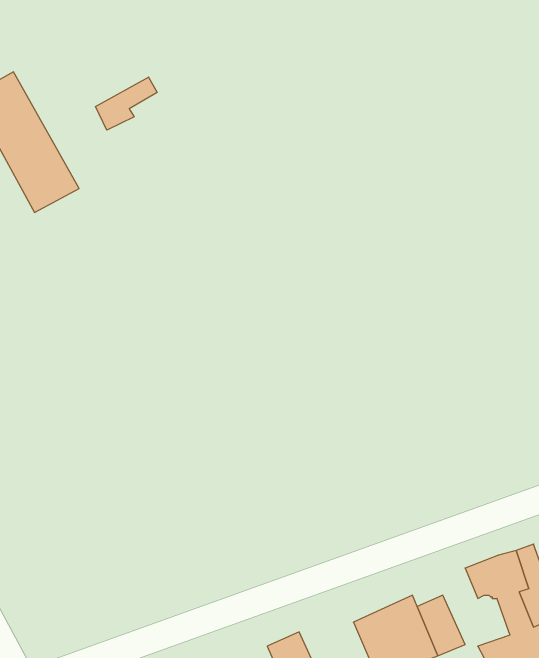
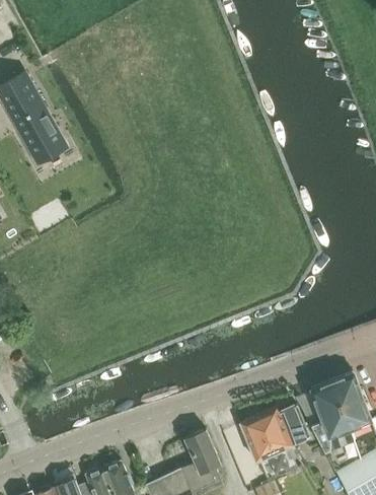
building: [96,77,157,130] -> none
building: none -> [310,407,339,439]

